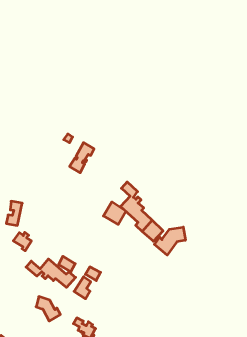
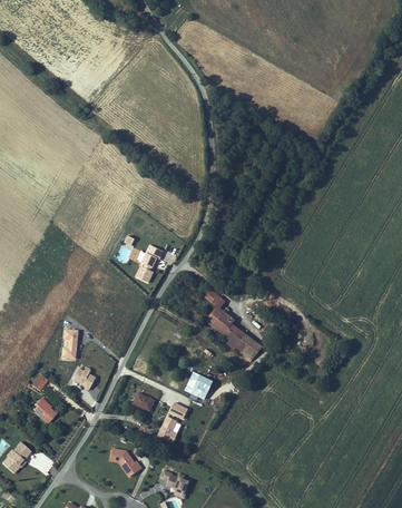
building: [103,202,126,224] -> [185,371,213,399]
building: [154,227,185,255] -> none
building: [26,259,76,287] -> none

